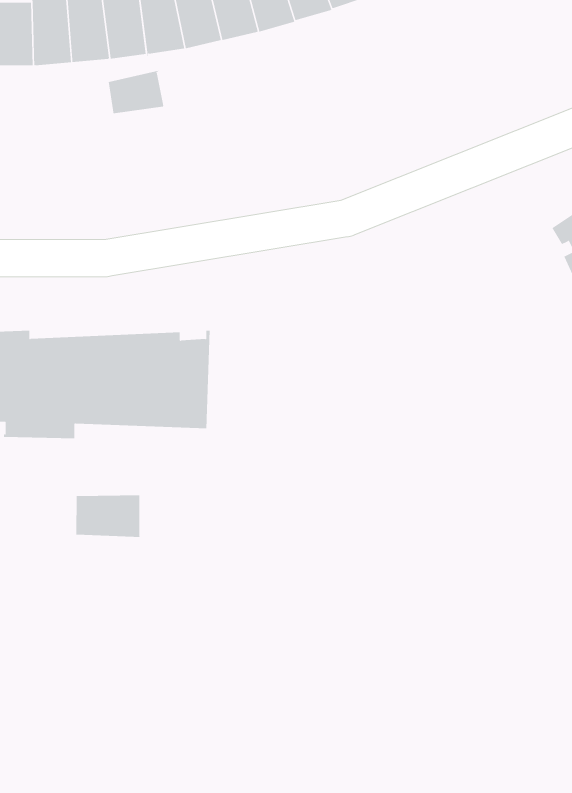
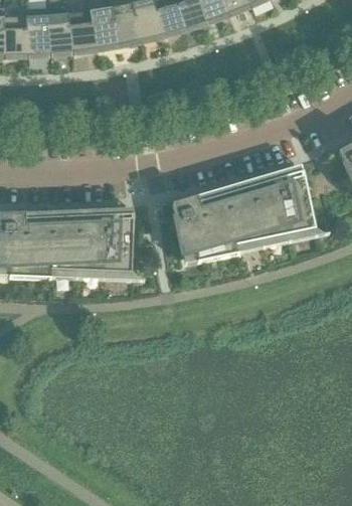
building: [108,70,166,114] -> none
building: none -> [171,168,314,260]
building: [76,494,142,538] -> none

